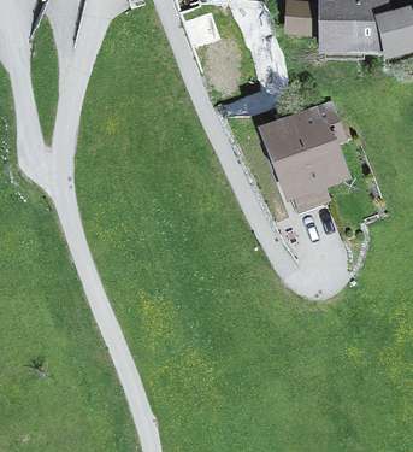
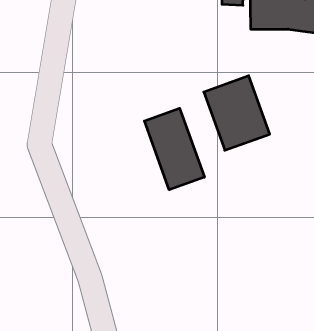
building: none -> [144,108,204,190]

